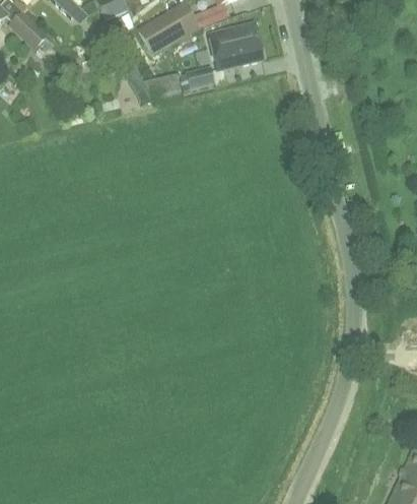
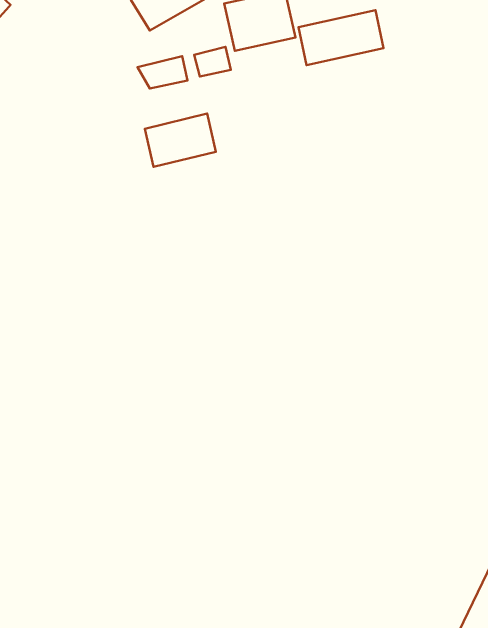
building: none -> [299,10,384,65]
building: none -> [145,114,216,167]

